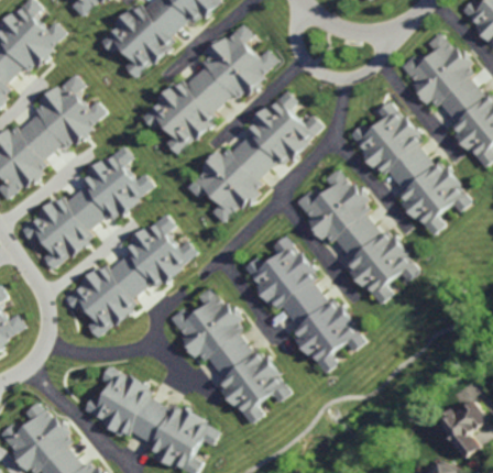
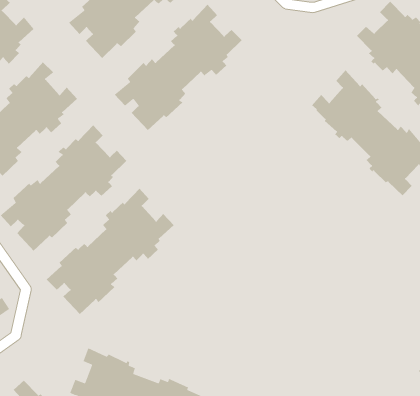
building: [188,90,324,218] -> none
building: [293,165,419,299] -> none
building: [242,239,370,373] -> none
building: [172,290,298,425] -> none

